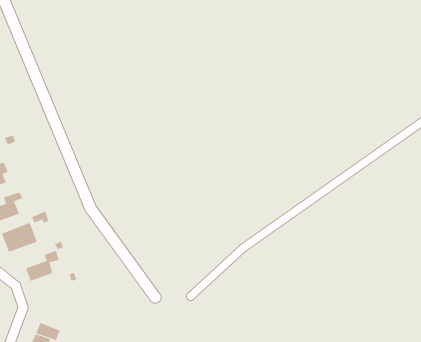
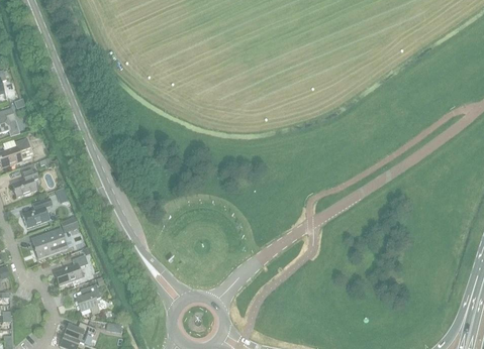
building: none -> [75,283,100,313]

